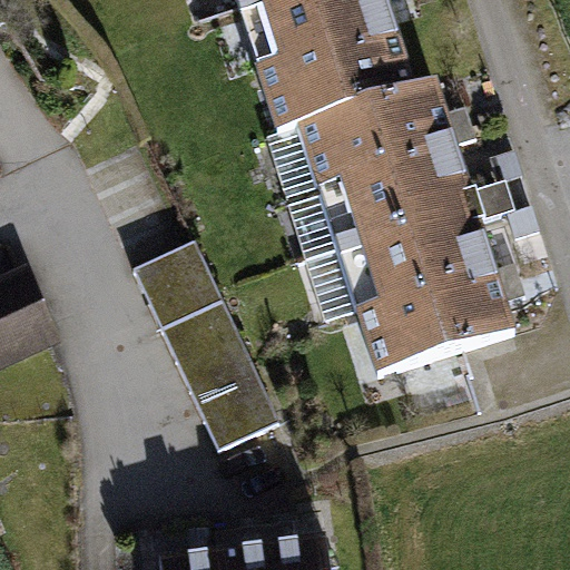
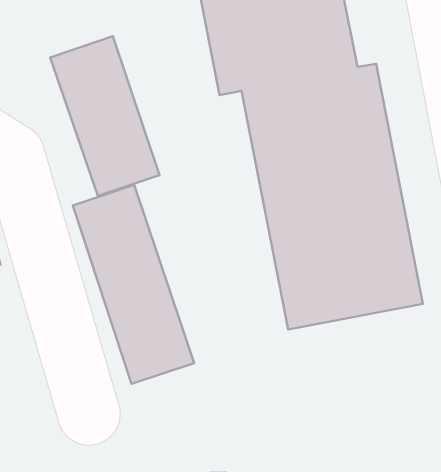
building: none -> [50,36,159,196]

